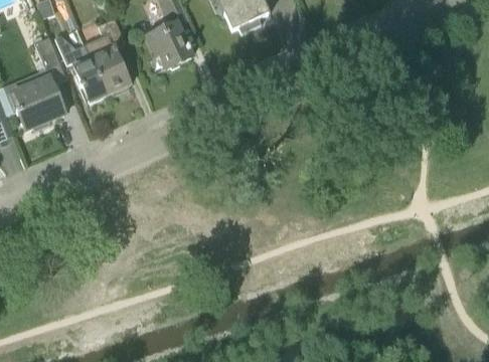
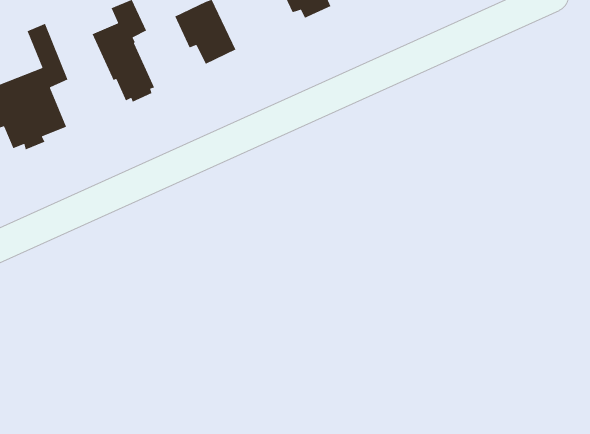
building: [55,36,109,104] -> none

